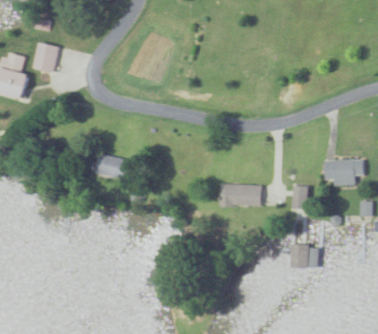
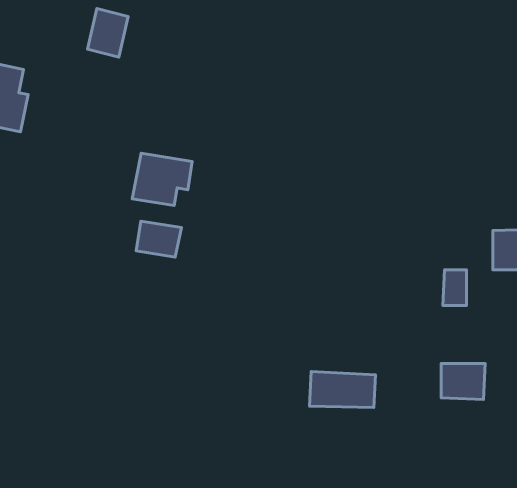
building: [33,41,59,72] -> [88,9,128,57]
building: none -> [132,153,192,206]
building: [219,183,261,206] -> [310,372,375,408]

